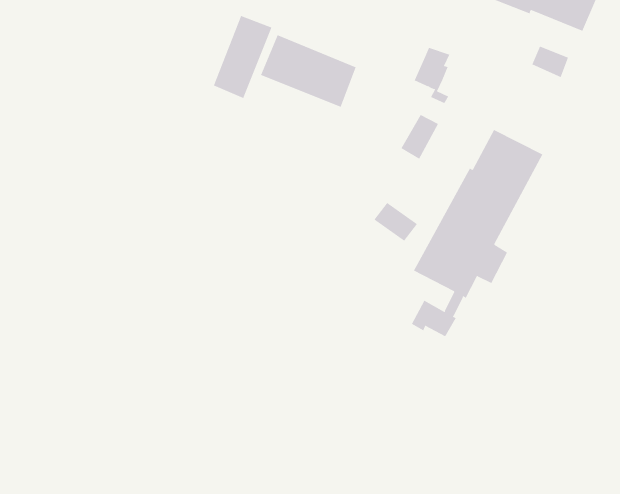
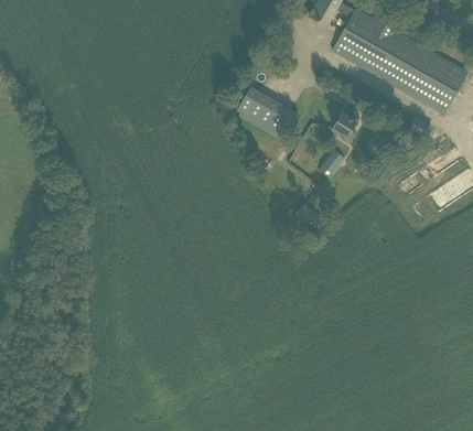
building: [213,15,272,99] -> none
building: [411,129,543,341] -> none

